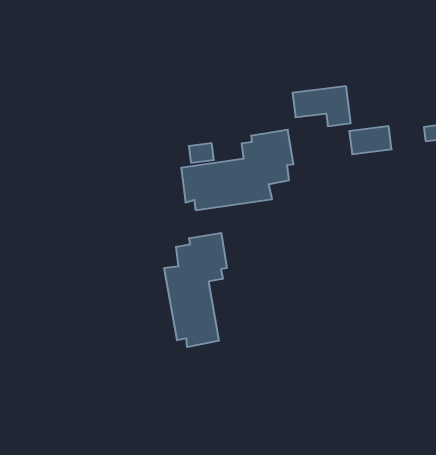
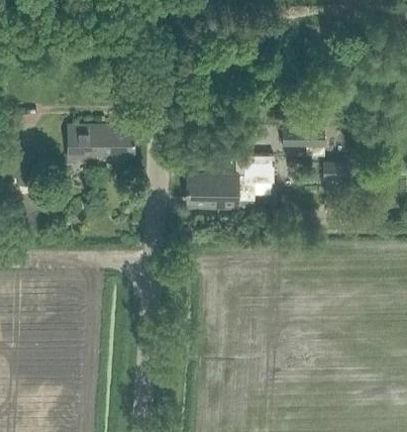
building: none -> [67,125,132,161]
building: [164,233,227,347] -> none

